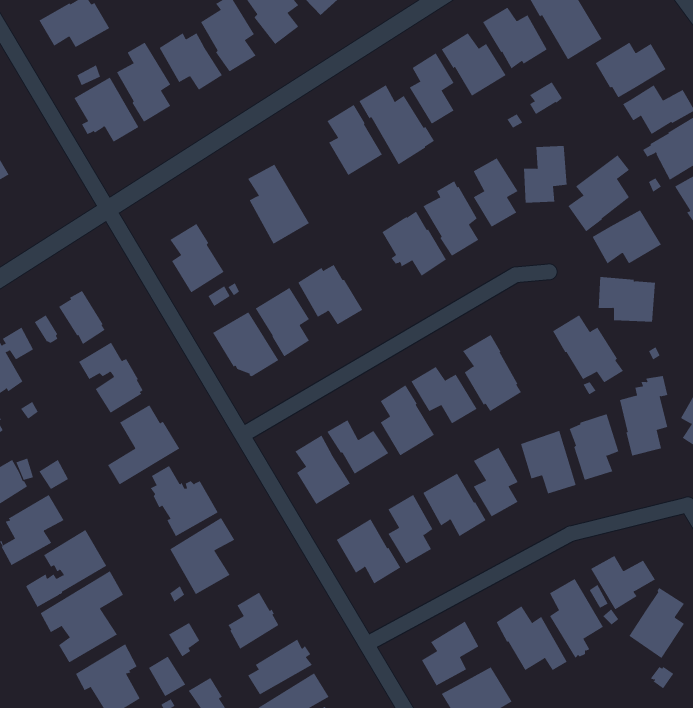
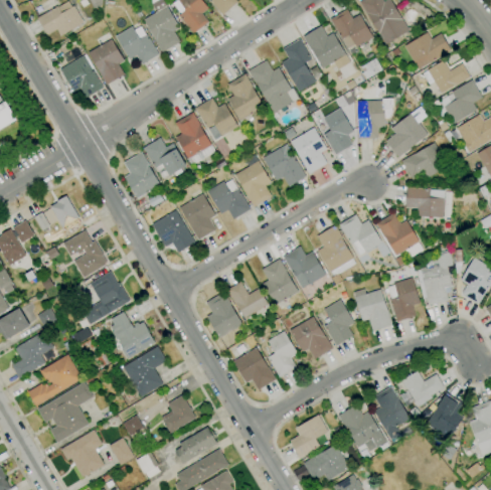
building: none -> [195,98,238,137]
building: none -> [144,138,187,176]
building: none -> [235,155,272,207]
building: none -> [339,214,382,256]

